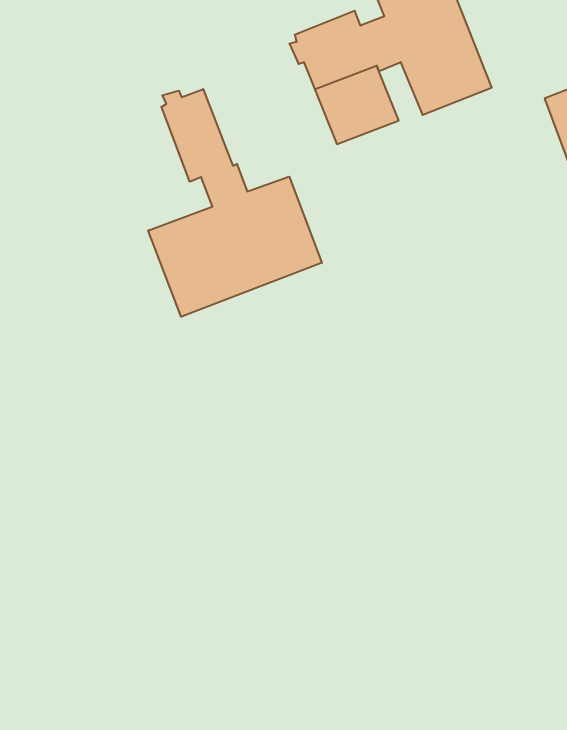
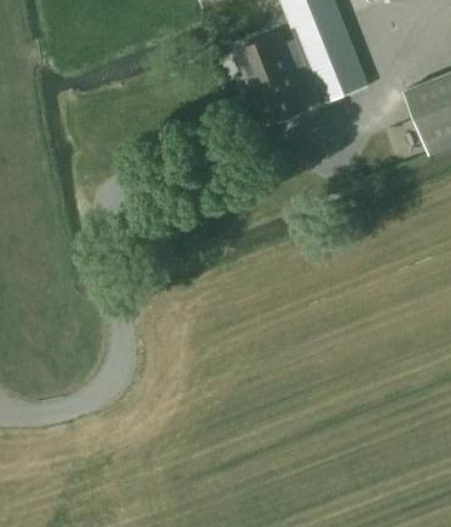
building: [148,89,322,317] -> none

